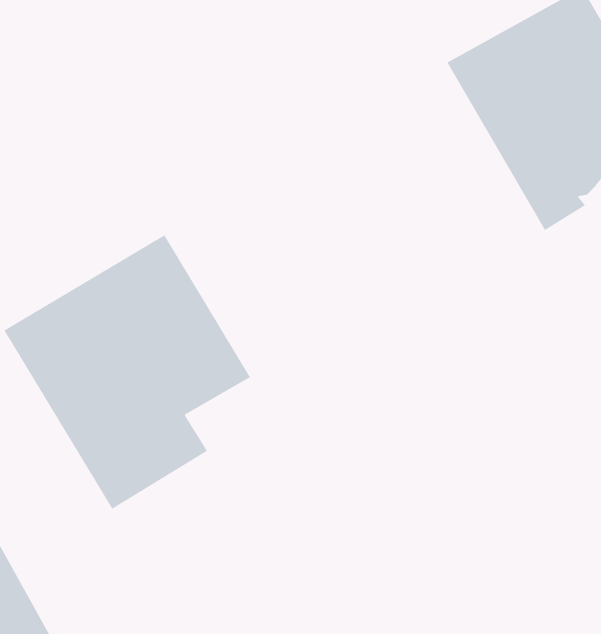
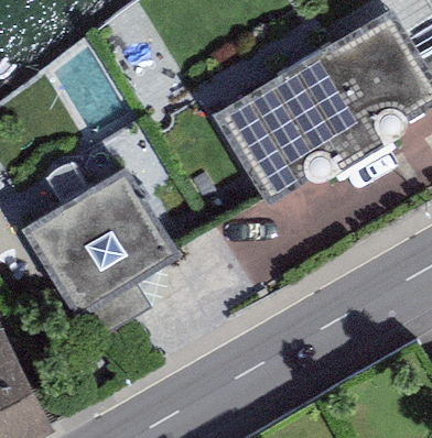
building: none -> [213,57,368,205]

